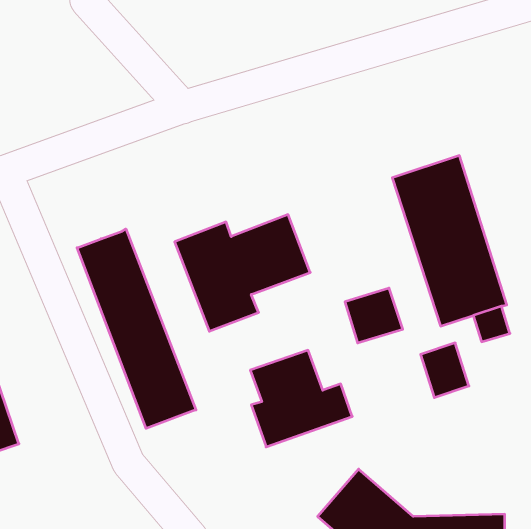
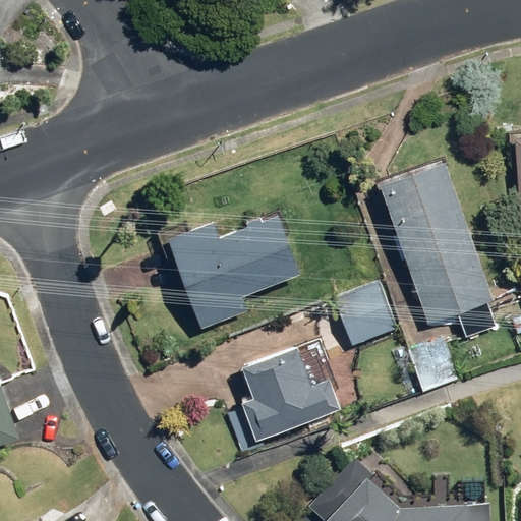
building: [77,229,196,428] -> none

